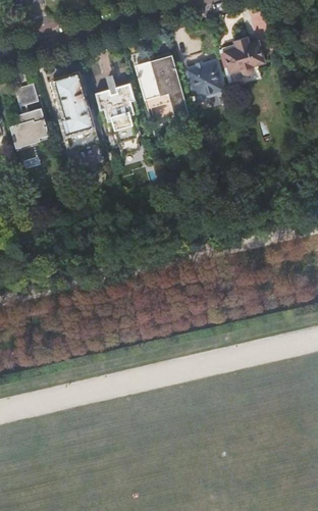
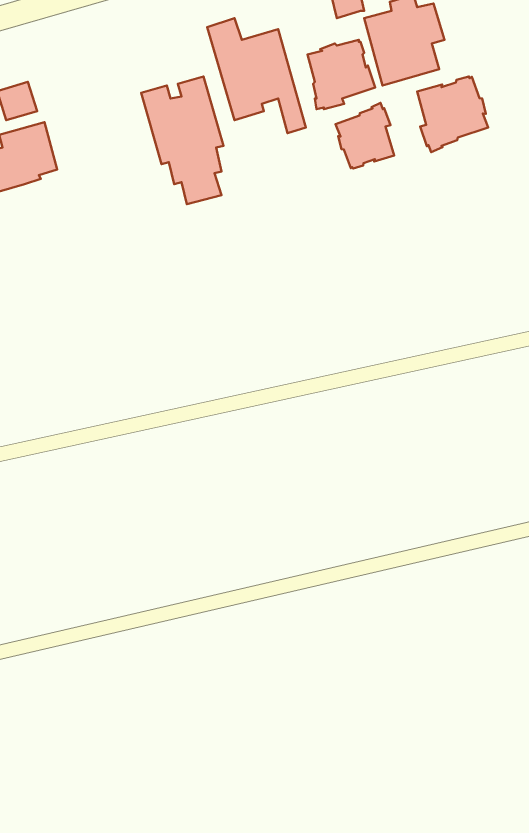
building: [49,71,96,149] -> none
building: none -> [417,77,488,152]
building: none -> [336,103,394,168]

